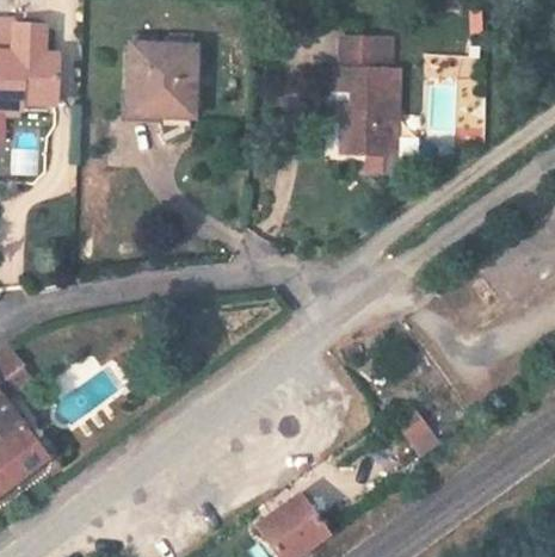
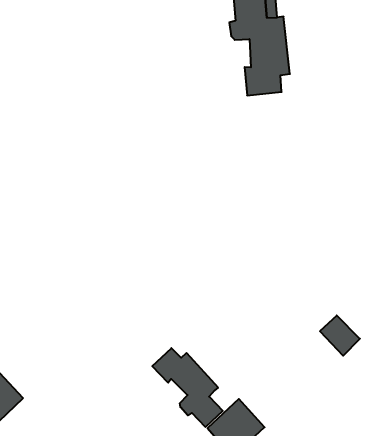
building: [125,45,190,124] -> none
building: none -> [152,348,223,427]

